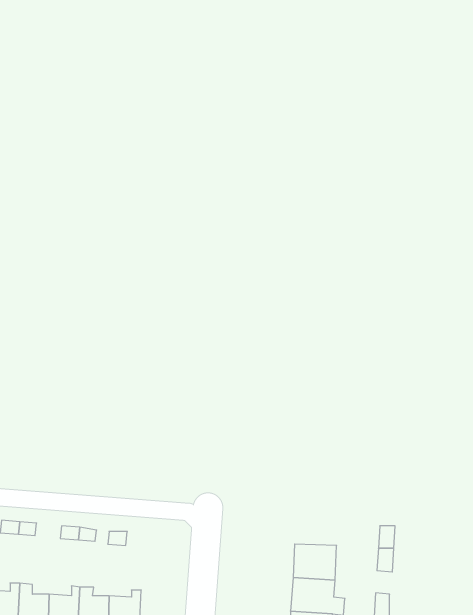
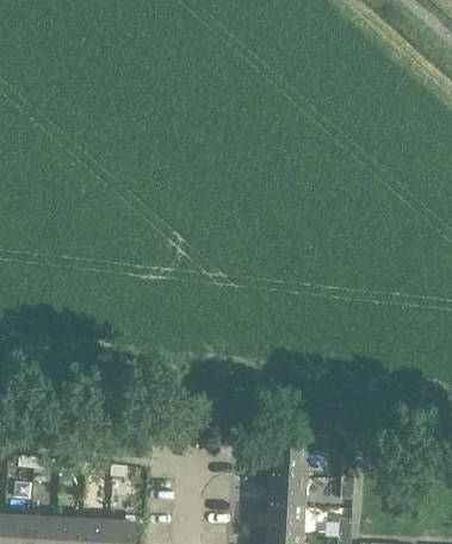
building: none -> [267,446,304,477]

